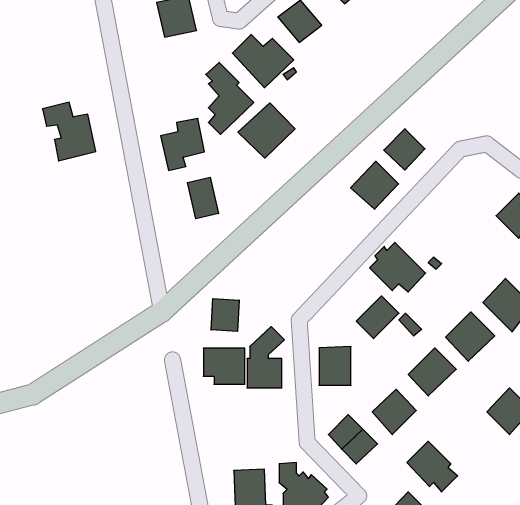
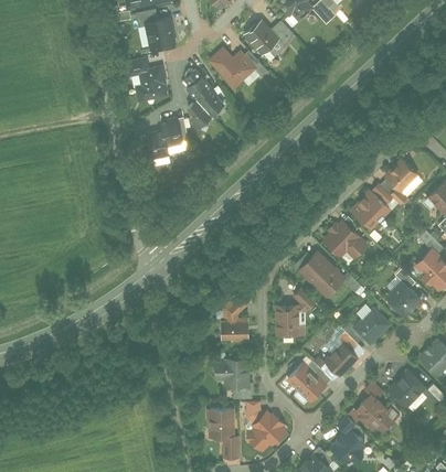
building: [42,102,96,161] -> [125,56,169,105]
building: [238,103,295,158] -> none
building: [384,129,425,170] -> [385,160,420,194]
building: [351,161,399,209] -> [350,191,390,230]
building: [187,177,219,219] -> none
building: none -> [295,250,330,285]
building: [211,299,239,331] -> none
building: [203,348,245,384] -> [214,356,248,386]
building: none -> [385,368,427,410]

